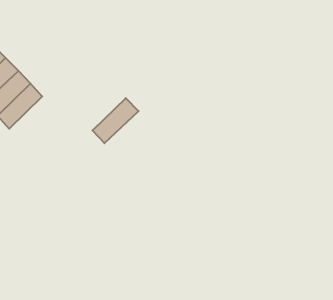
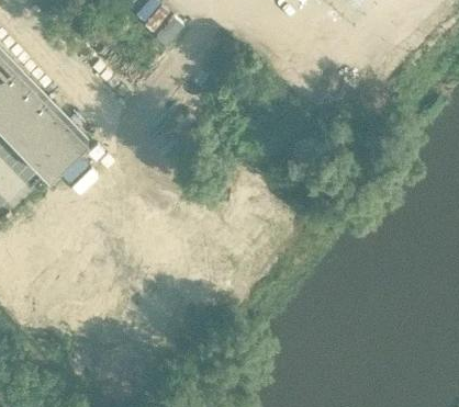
building: [92,98,139,143] -> [35,132,90,185]

